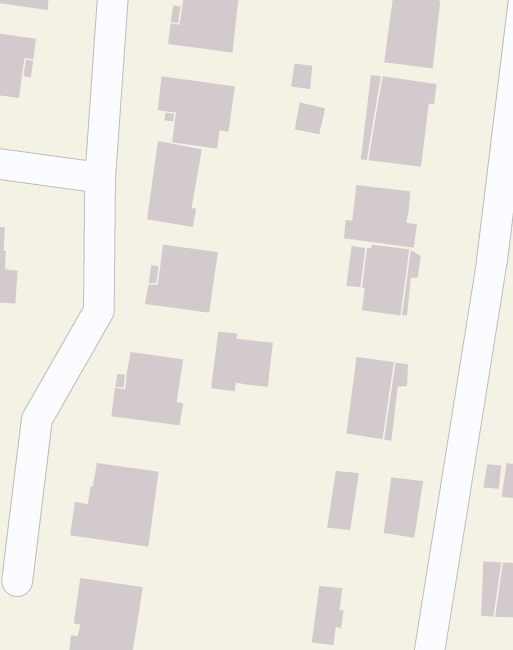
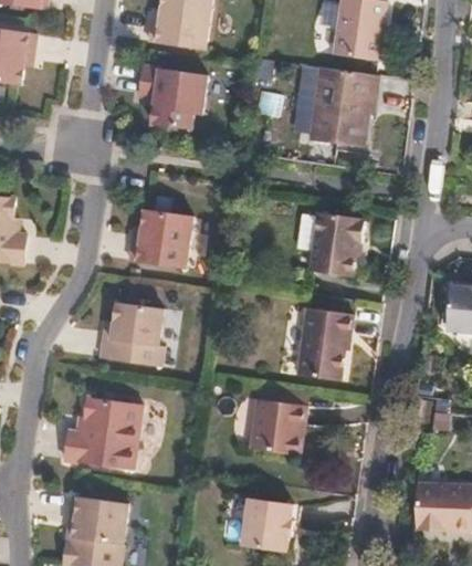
building: [146,140,203,228] -> none
building: [343,184,418,248] -> none
building: [210,331,274,392] -> none
building: [383,477,424,539] -> [255,400,291,453]
building: none -> [245,499,276,552]

